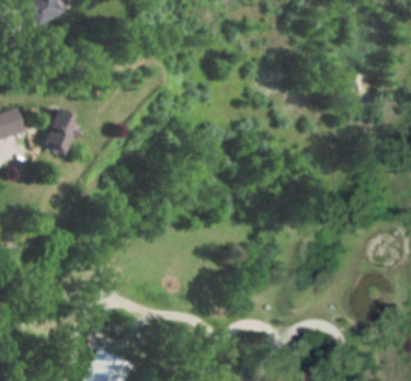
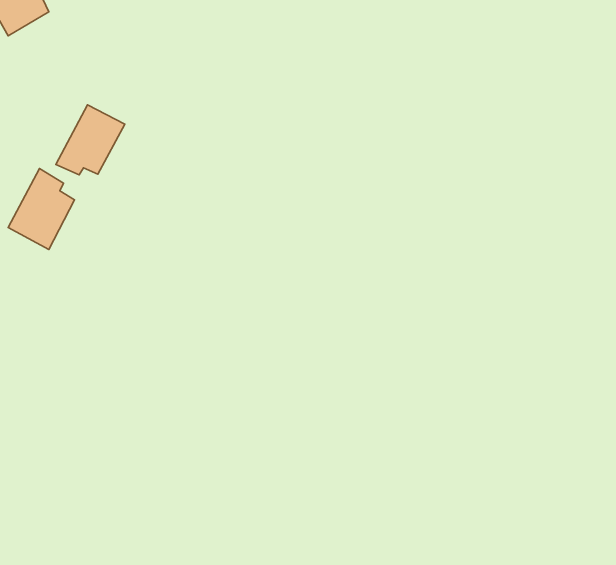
building: none -> [56,105,125,175]

